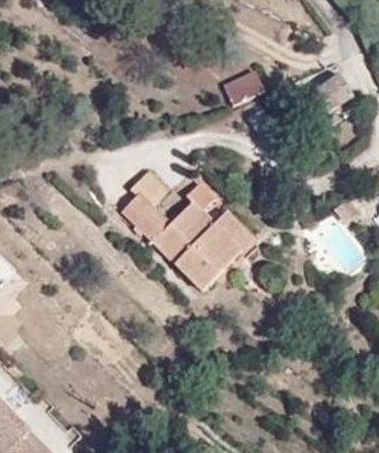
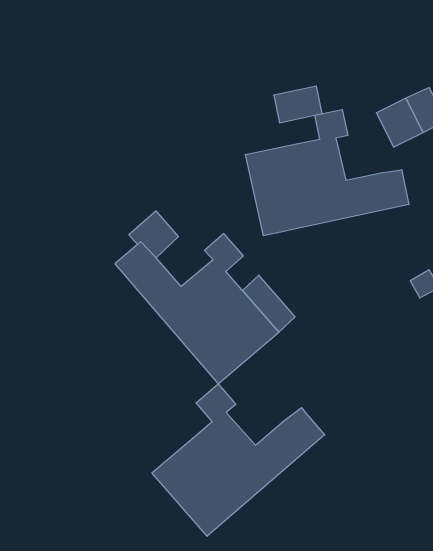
building: none -> [246,110,409,236]
building: none -> [152,384,325,536]

